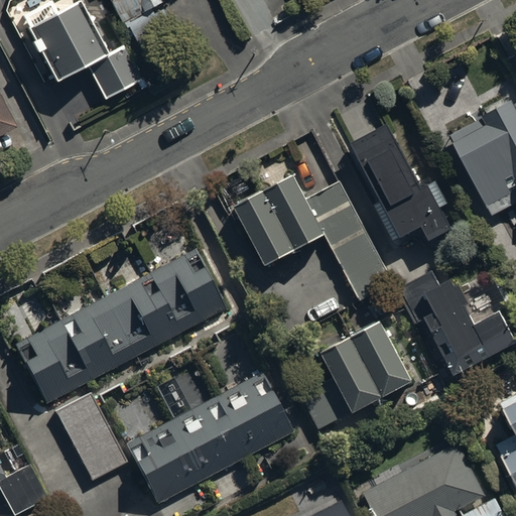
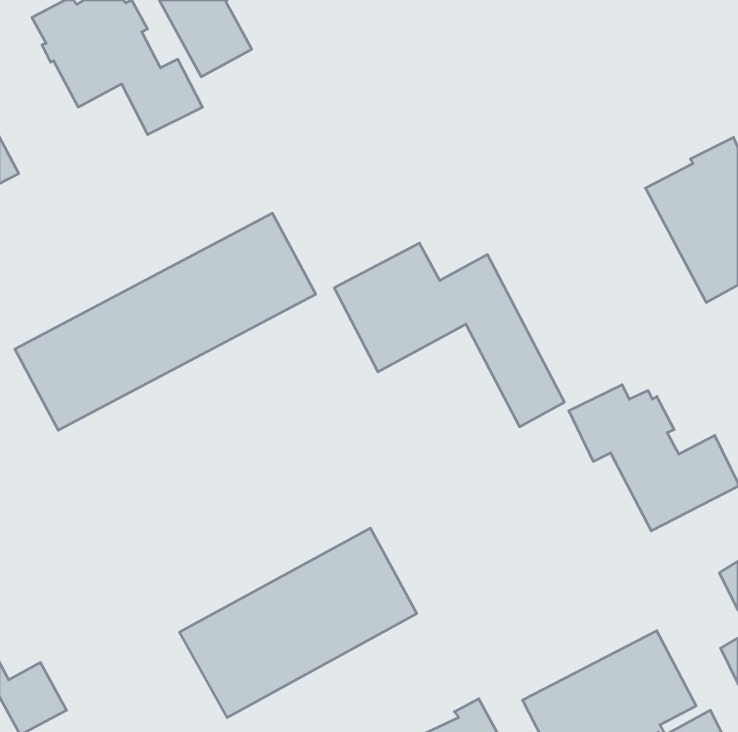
building: [350,122,450,239] -> none
building: [15,253,225,404] -> [15,213,316,430]
building: [299,310,413,431] -> none
building: [54,393,127,482] -> none

